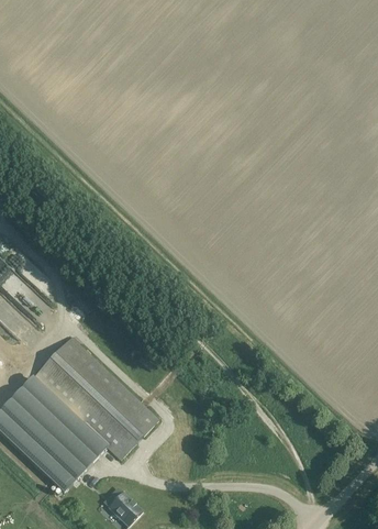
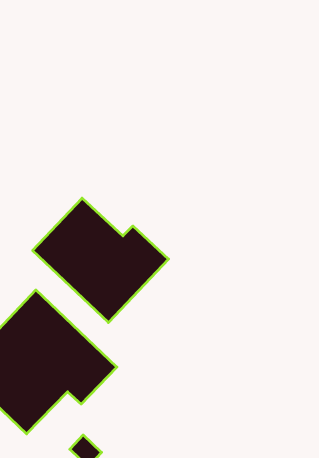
building: none -> [33,198,169,323]

